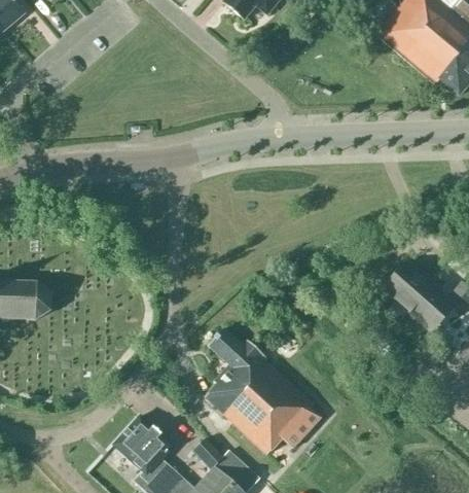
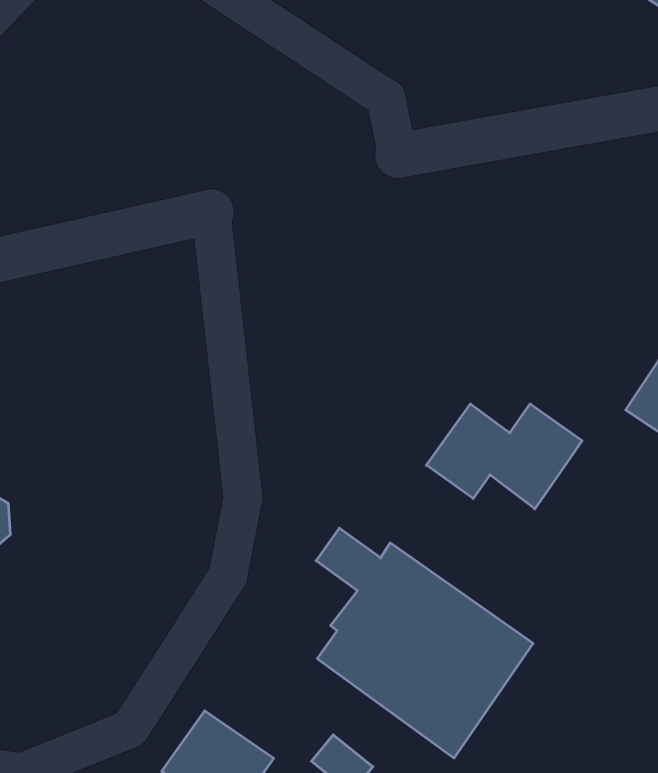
building: none -> [426,404,582,509]

